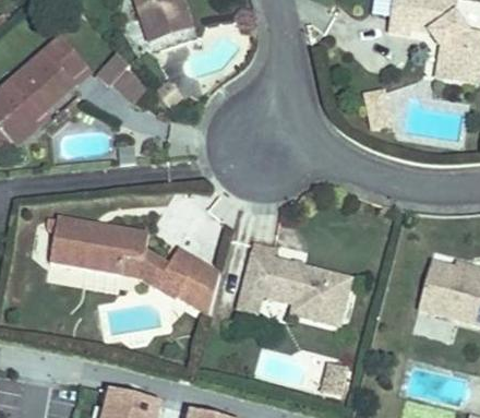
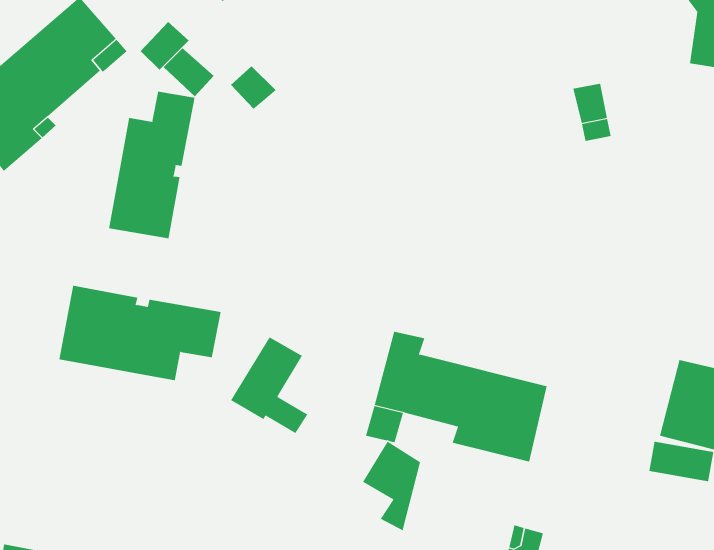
building: none -> [109,91,195,239]
building: [120,249,168,286] -> none
building: [183,259,219,314] -> [362,441,421,531]

